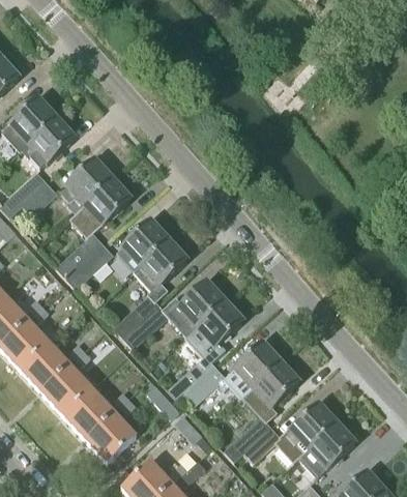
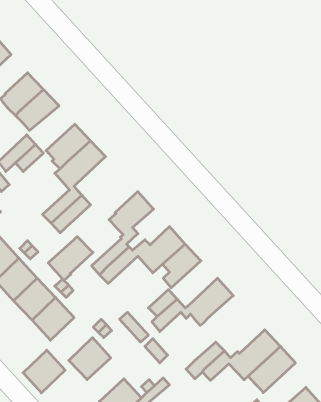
building: [115,220,168,271] -> [48,237,93,280]
building: [245,361,298,417] -> none
building: [64,387,114,438] -> [23,350,65,393]

